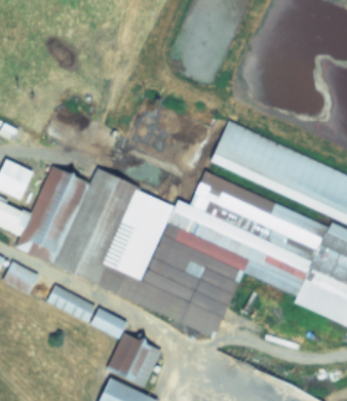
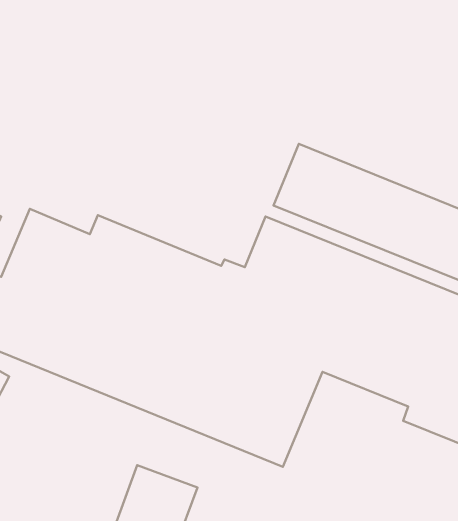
building: [46,287,127,336] -> none

